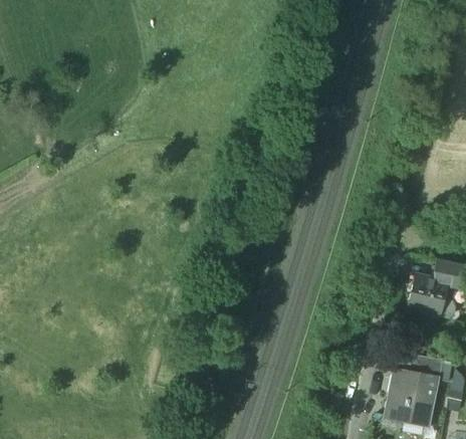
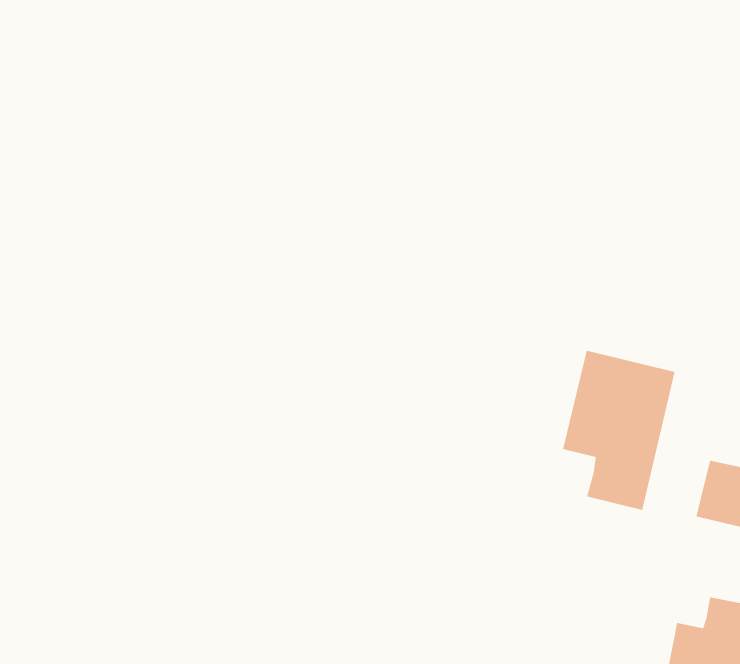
building: none -> [562,350,676,511]

